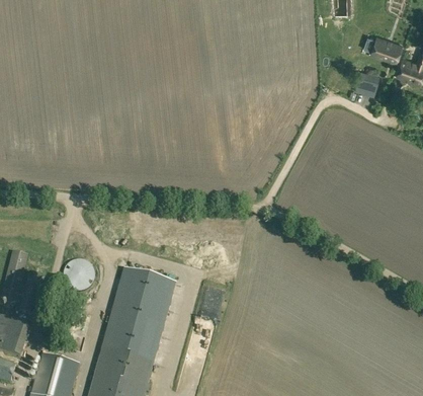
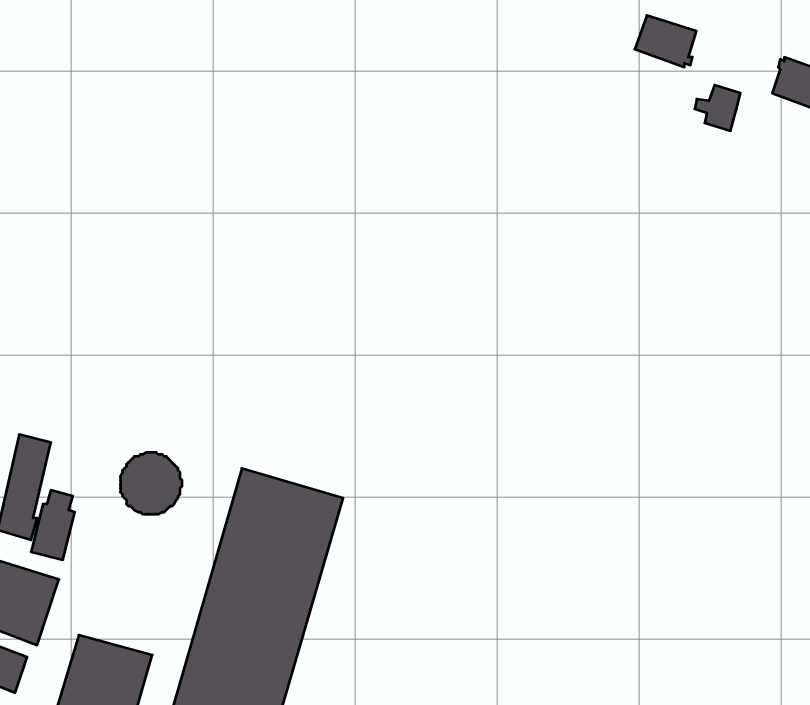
building: [368,38,400,65] -> [635,15,696,67]

